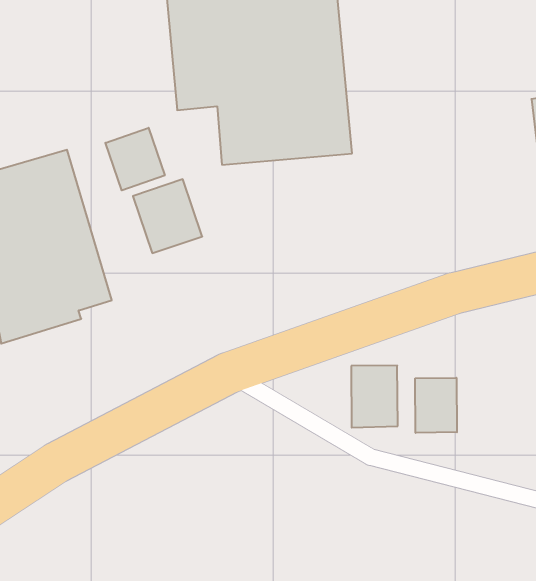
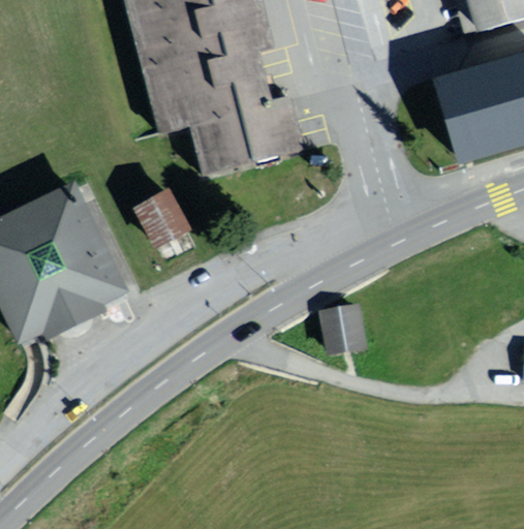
building: [105,128,165,190] -> none
building: [415,378,457,433] -> none

